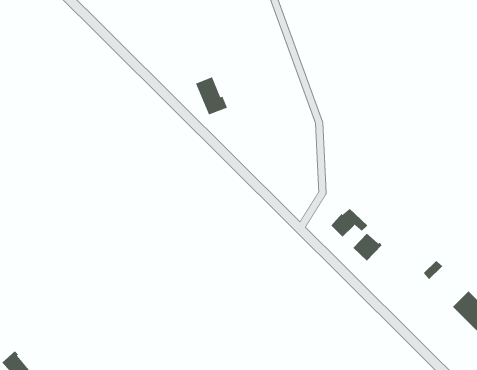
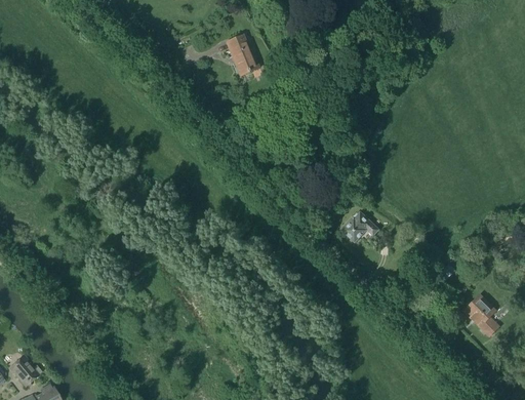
building: [195,76,228,115] -> [227,35,259,74]
building: [352,233,383,261] -> none

